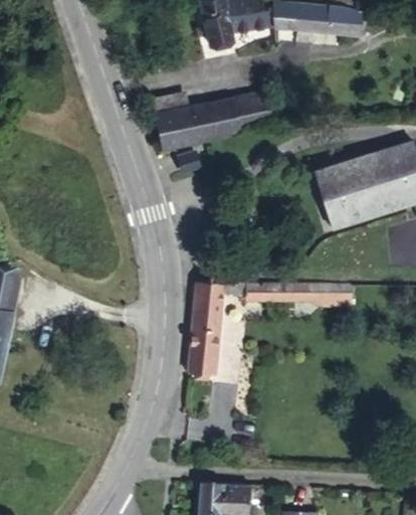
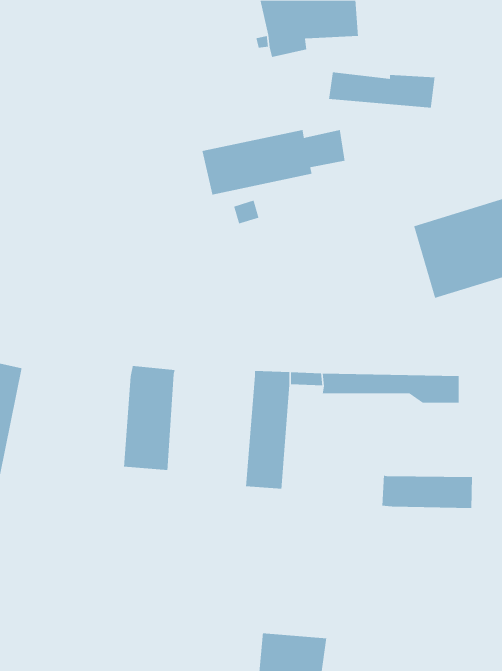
building: [281,8,363,36] -> [328,72,435,109]
building: none -> [123,365,175,471]
building: none -> [381,475,473,509]

